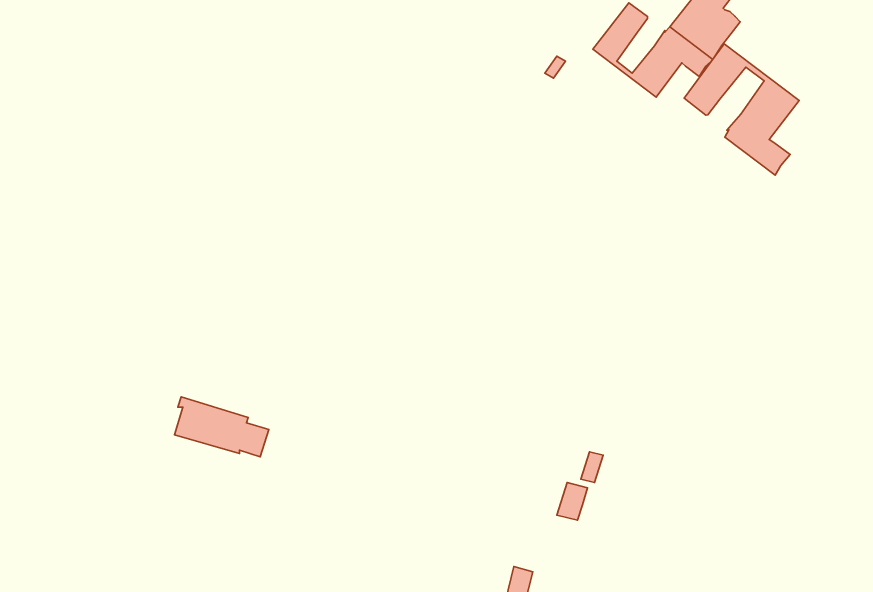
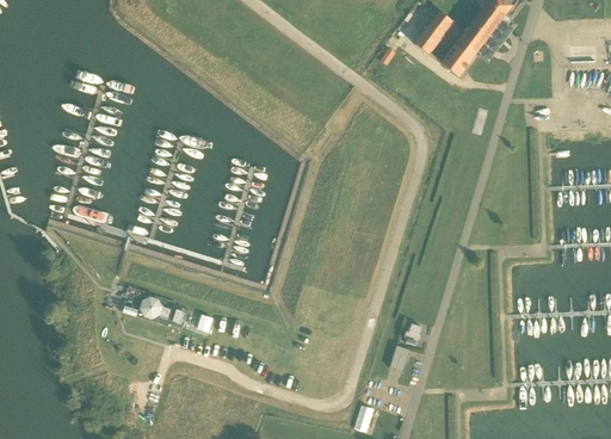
building: [684,44,799,175] -> none

